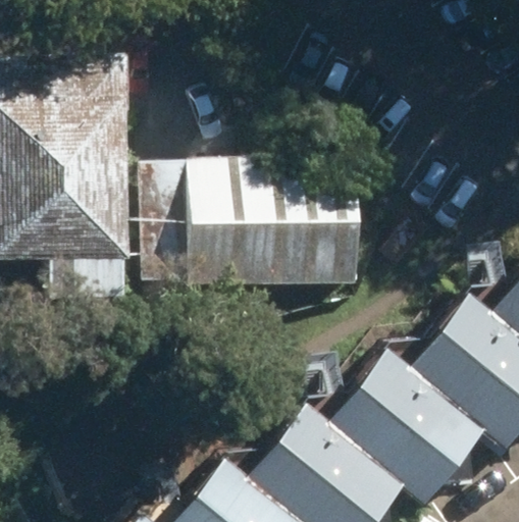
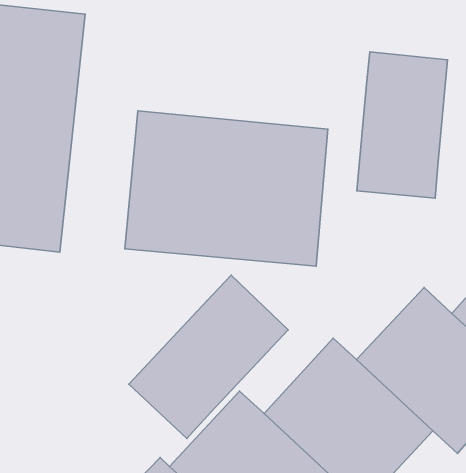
building: none -> [357,52,448,198]
building: none -> [129,275,288,439]

